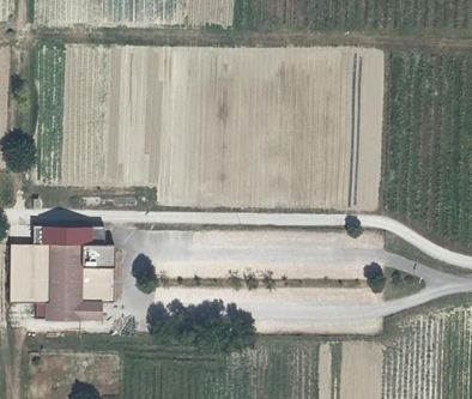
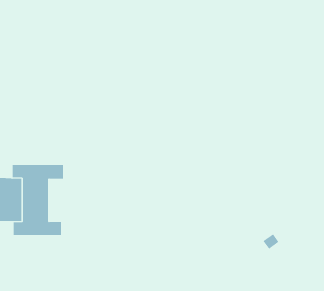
building: [84,246,113,301] -> none

